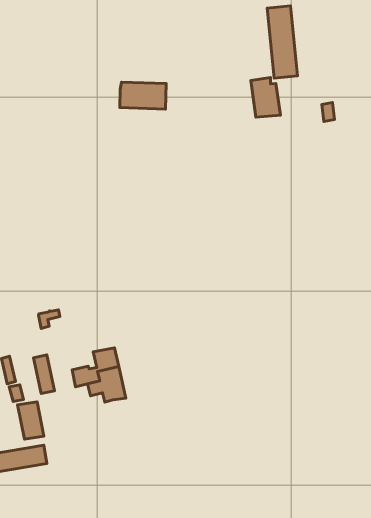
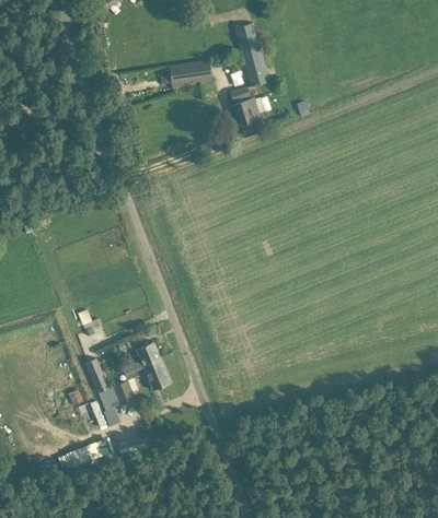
building: [120,82,166,109] -> [171,60,212,87]
building: none -> [99,381,134,416]

